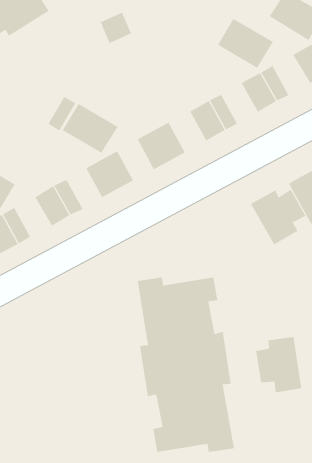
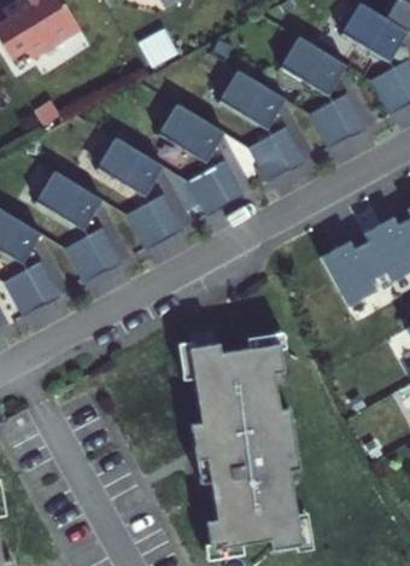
building: none -> [221,70,286,129]
building: none -> [160,104,225,163]
building: none -> [39,170,105,229]
building: [254,336,302,395] -> none

